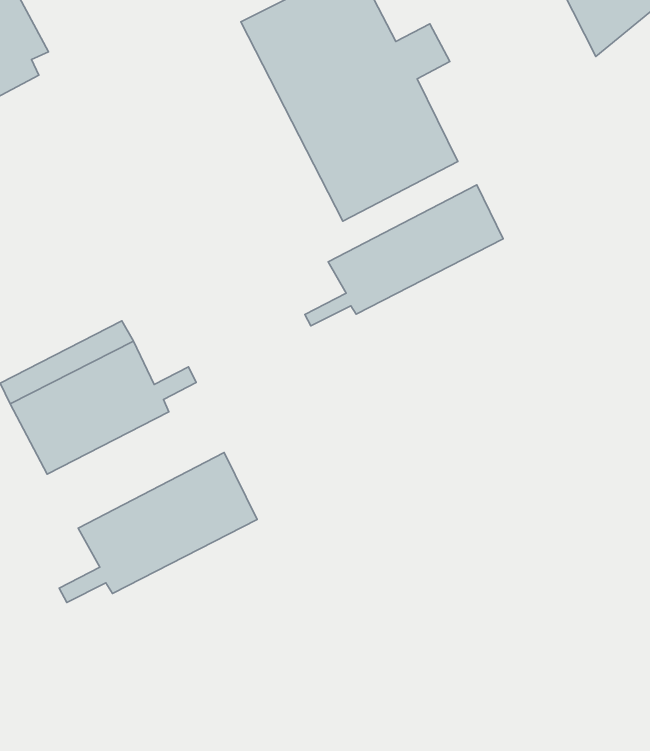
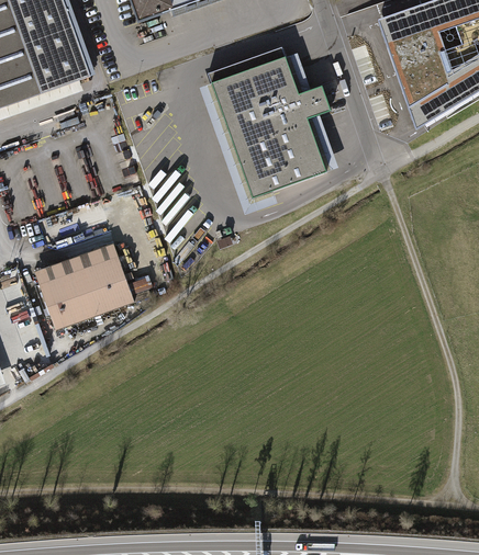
building: [305,185,503,326] -> none
building: [59,453,257,602] -> none

